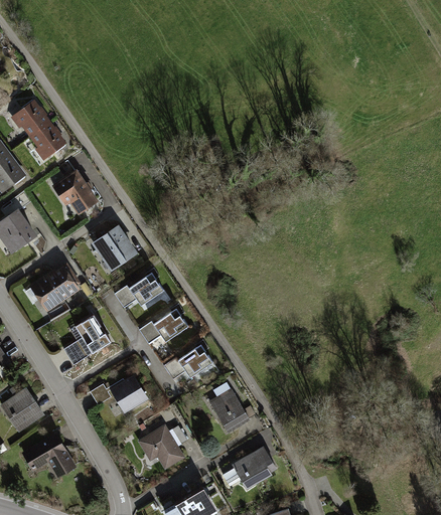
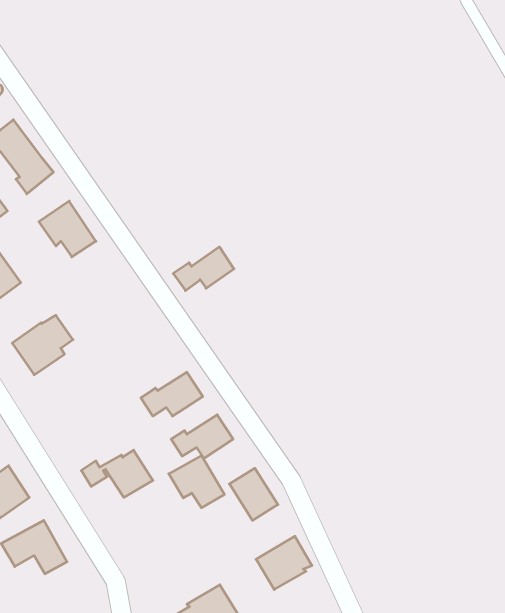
building: [92,224,138,271] -> none
building: [113,273,163,309] -> [173,247,234,291]
building: [63,315,110,365] -> none
building: [138,425,184,469] -> [169,456,224,508]

